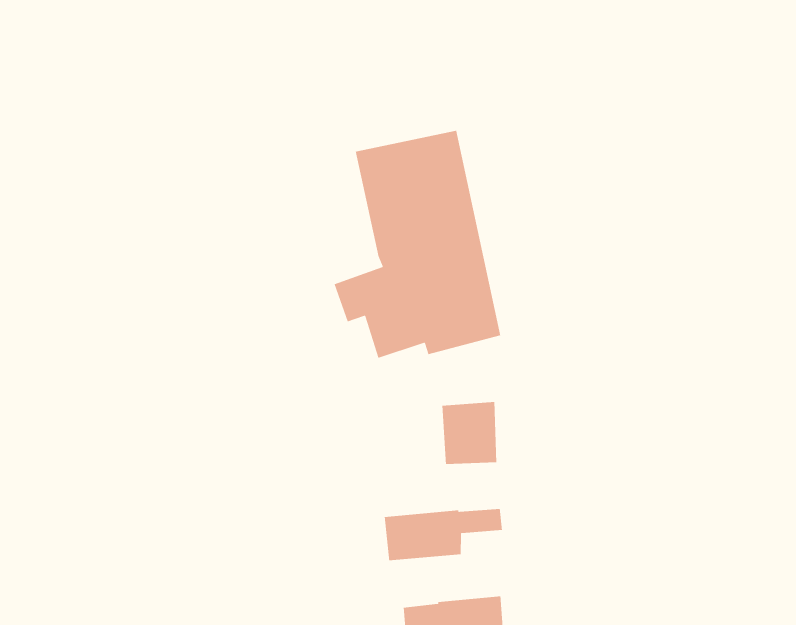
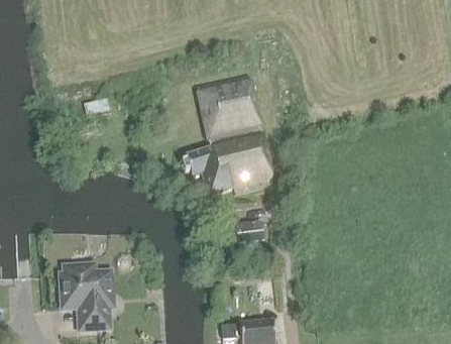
building: none -> [61,265,110,329]
building: [384,508,503,561] -> none

